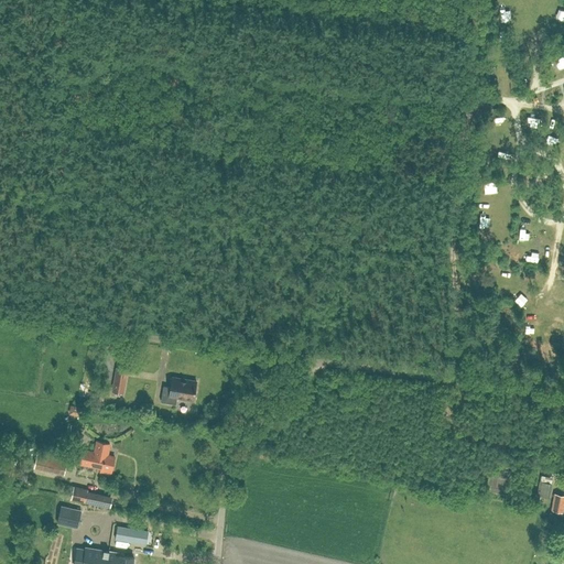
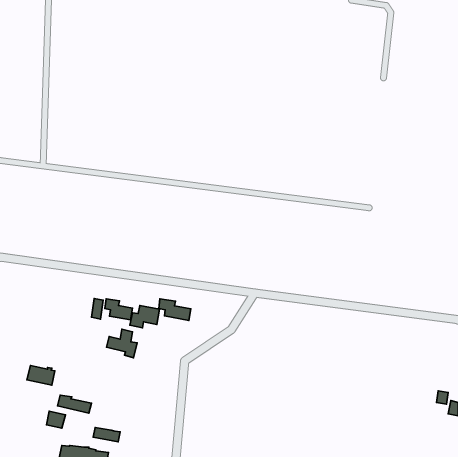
building: none -> [159,299,191,320]
building: none -> [105,299,133,320]
building: [77,441,115,476] -> [107,329,137,358]

